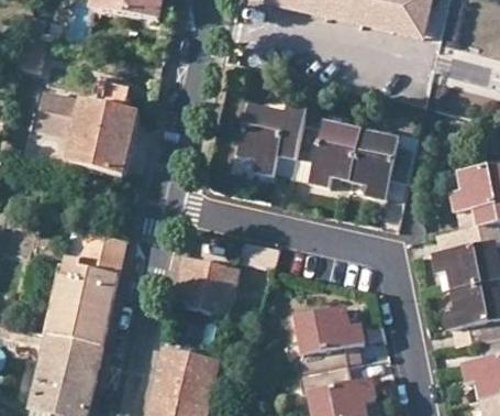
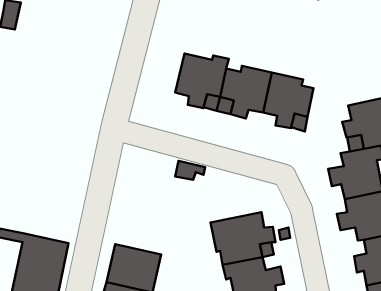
building: [38,80,135,176] -> none
building: [45,231,123,347] -> none
building: [170,256,236,317] -> none

